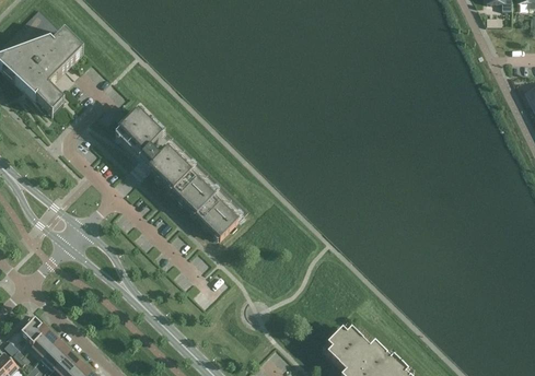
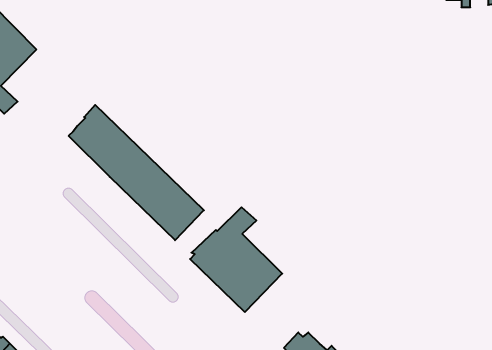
building: none -> [190,207,282,312]

